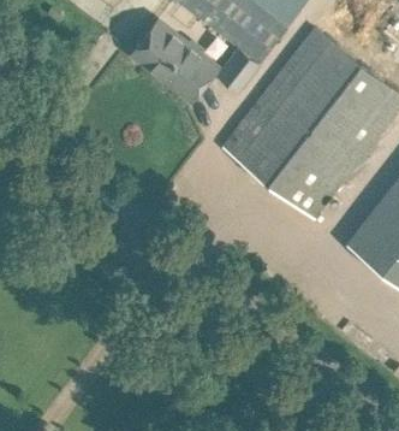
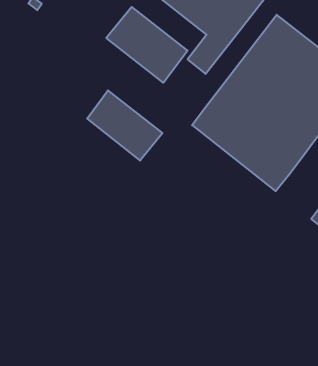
building: none -> [87,90,162,161]

